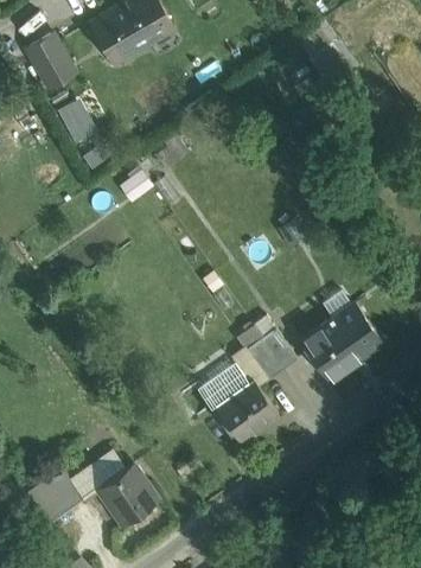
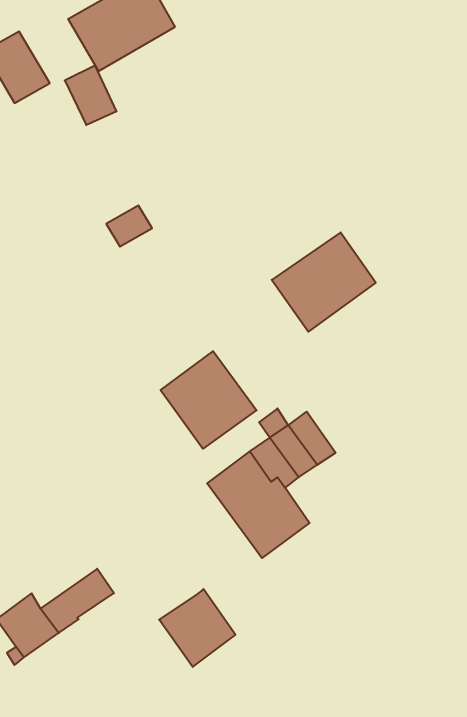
building: [58,96,98,142] -> [65,65,117,125]
building: none -> [161,351,257,449]
building: [299,304,379,381] -> [272,232,376,332]
building: [96,465,155,525] -> [159,589,235,667]

